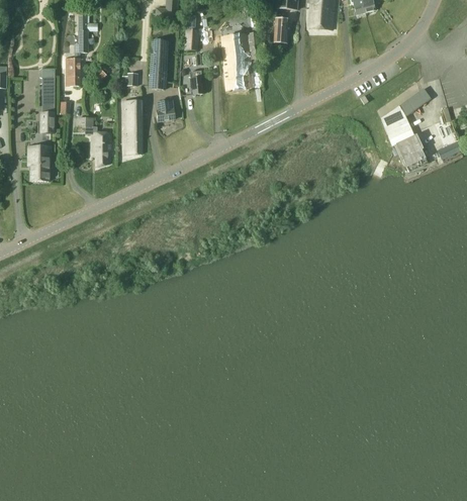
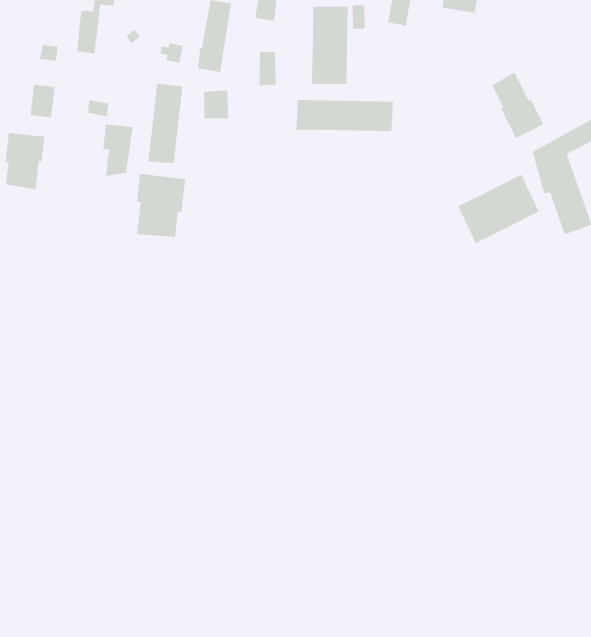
building: none -> [491,72,544,139]
building: none -> [296,99,394,132]
building: none -> [457,174,539,244]
building: none -> [136,173,186,238]

